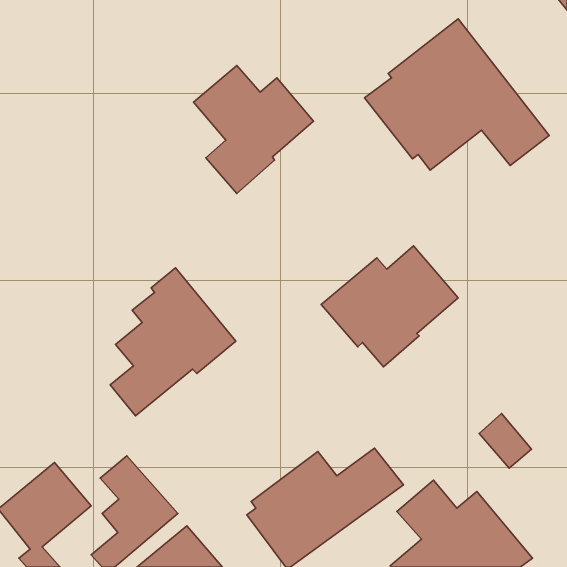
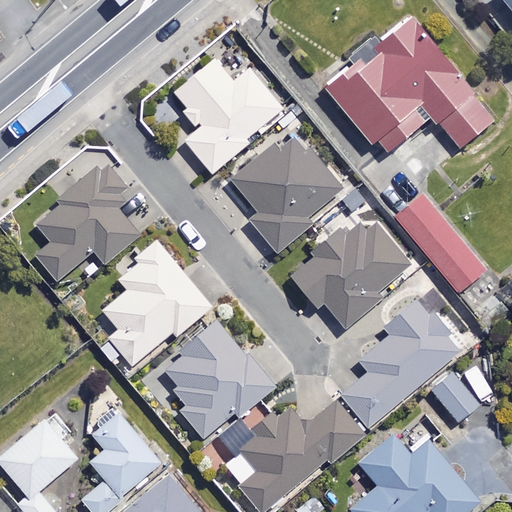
building: none -> [232,130,342,254]
building: none -> [35,162,140,281]
building: none -> [394,194,483,293]
building: none -> [342,299,462,426]
building: none -> [163,322,274,437]

